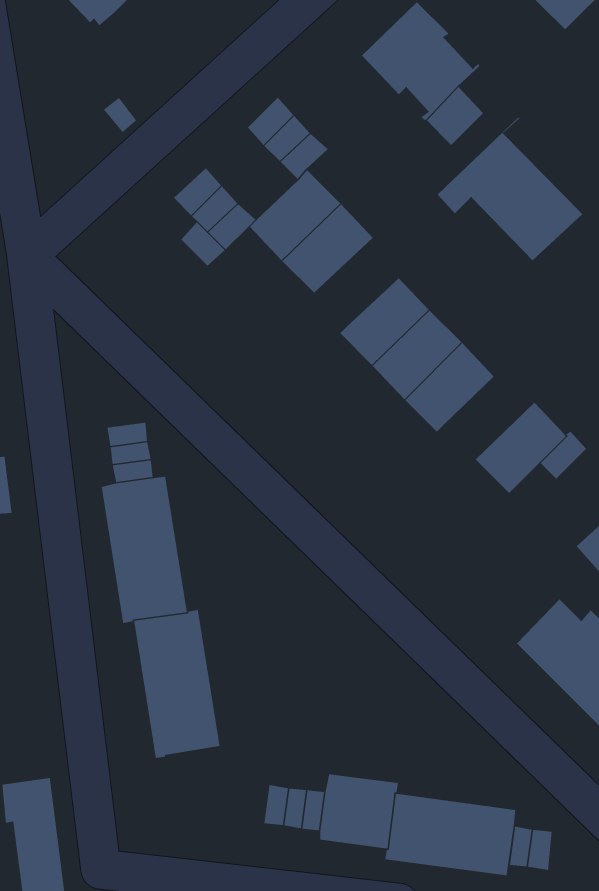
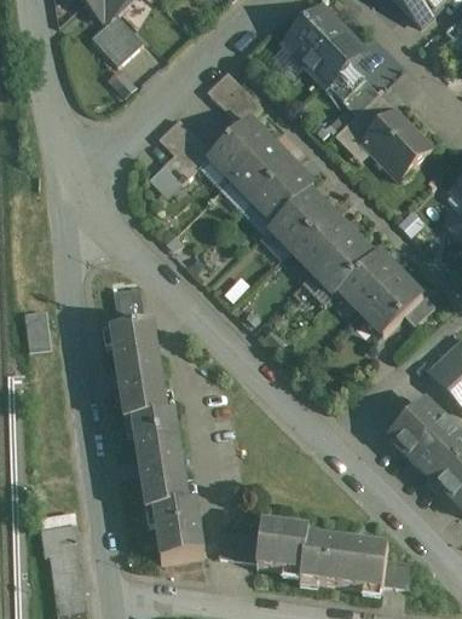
building: none -> [91,12,143,64]
building: none -> [252,162,312,221]
building: none -> [339,250,399,311]
building: none -> [152,501,204,560]

